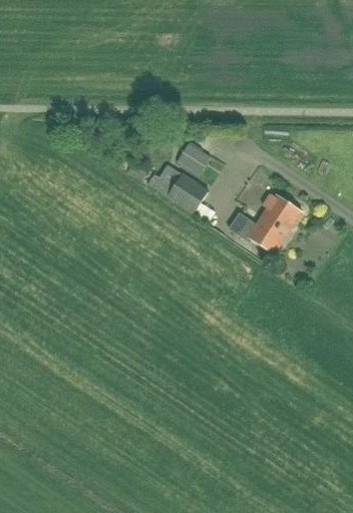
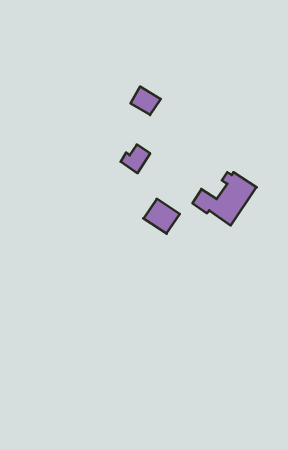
building: [178,141,212,173] -> [131,87,161,115]
building: [167,174,209,213] -> [143,199,180,234]

